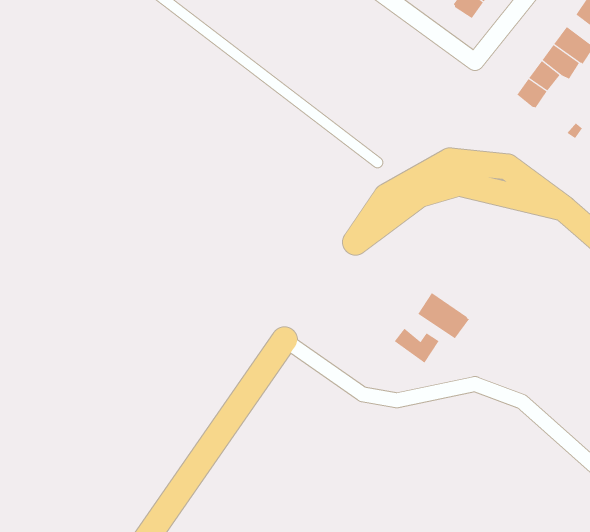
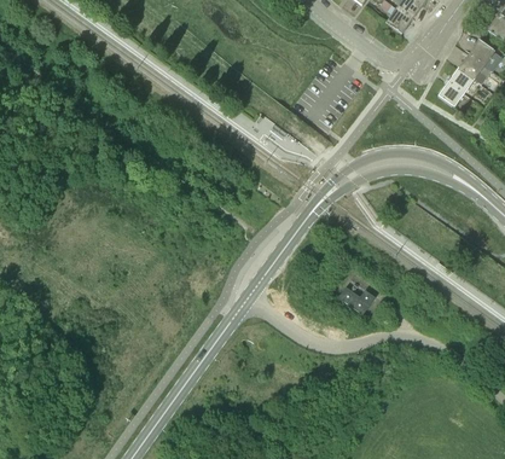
building: [417,292,470,339] -> none

